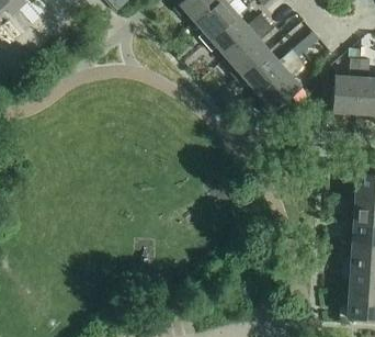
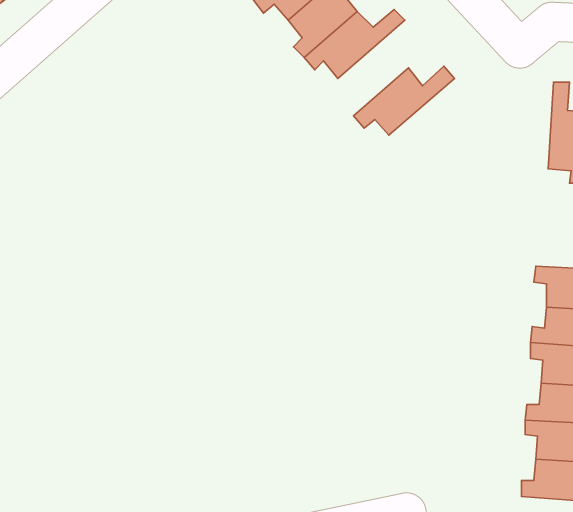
building: [226,21,273,80] -> none
building: [331,48,361,120] -> none
building: [258,57,308,116] -> none

